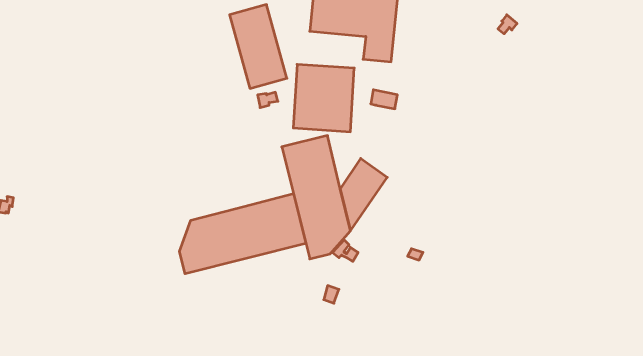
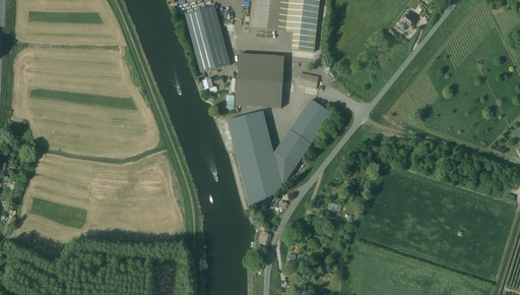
building: none -> [289,100,332,143]
building: [179,194,306,274] -> none

